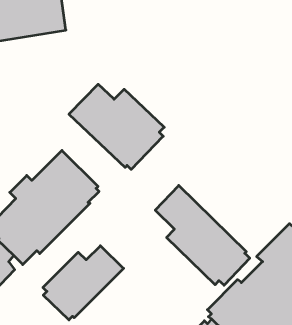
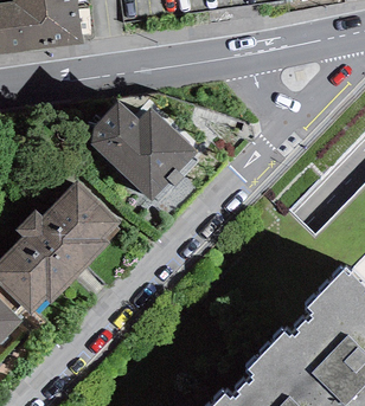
building: [155,185,250,285] -> none
building: [43,246,124,320] -> none

